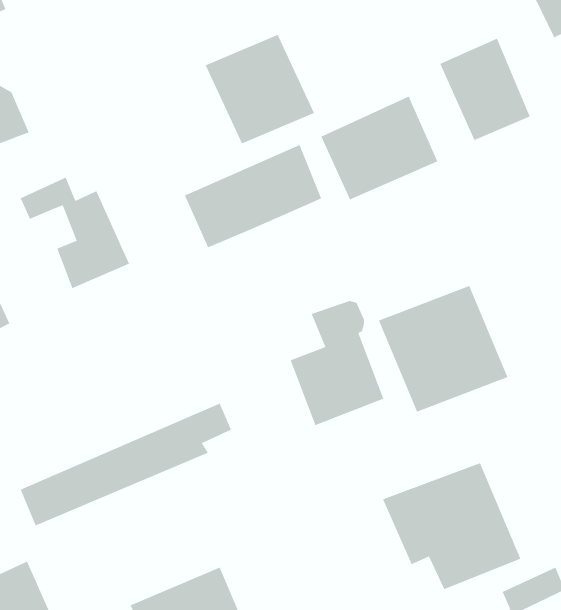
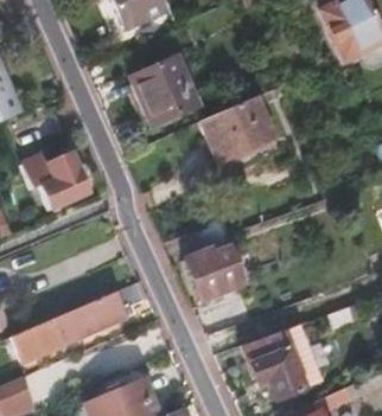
building: [439,38,531,141] -> none
building: [184,144,322,248] -> none
building: [378,285,508,412] -> none

